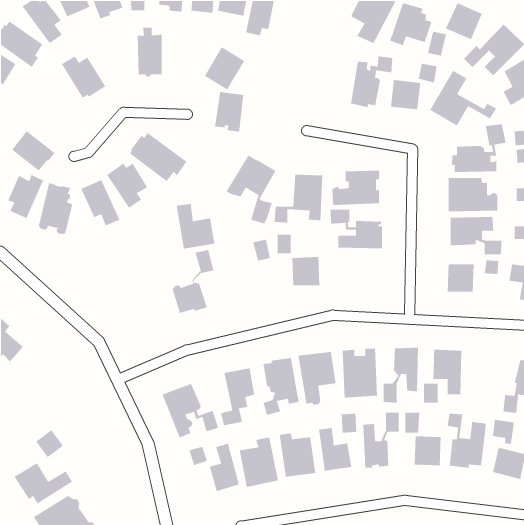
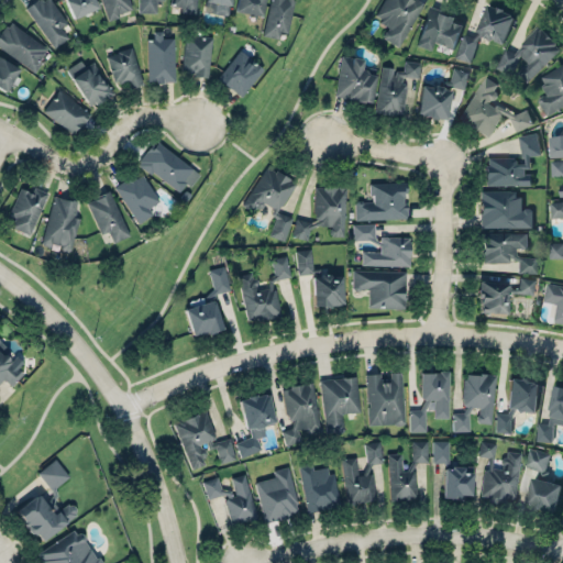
building: none -> [108,48,145,89]
building: none -> [336,56,377,102]
building: [214,91,244,132] -> [183,34,214,78]
building: [11,130,55,171] -> [44,90,91,134]
building: [176,203,215,249] -> [240,273,282,322]
building: none -> [354,271,407,309]
building: none -> [497,378,541,433]

